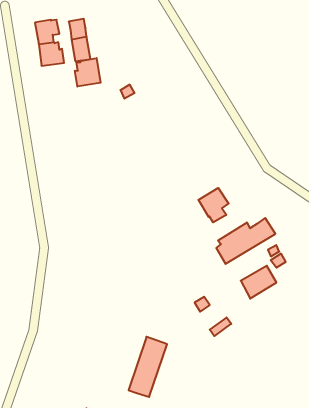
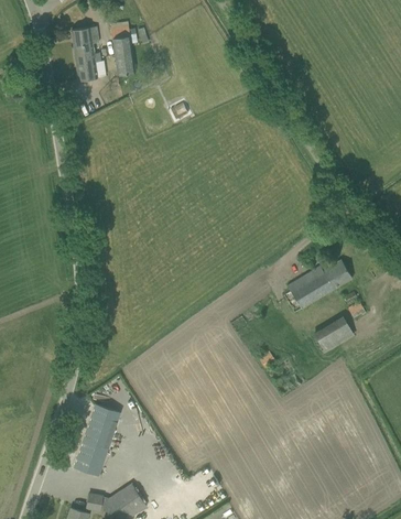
building: [75,58,101,87] -> none
building: [198,188,229,222] -> none
building: [129,337,167,397] -> [75,403,120,474]

